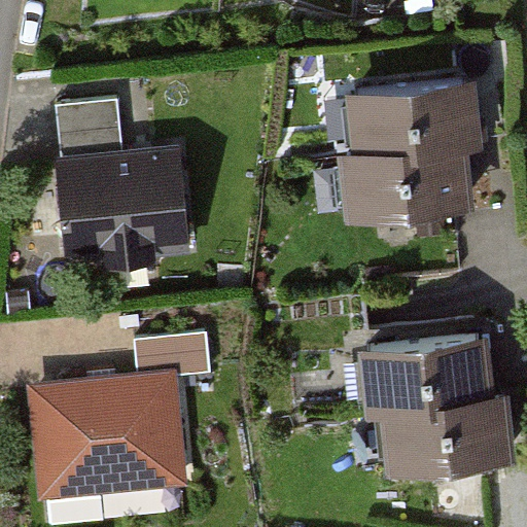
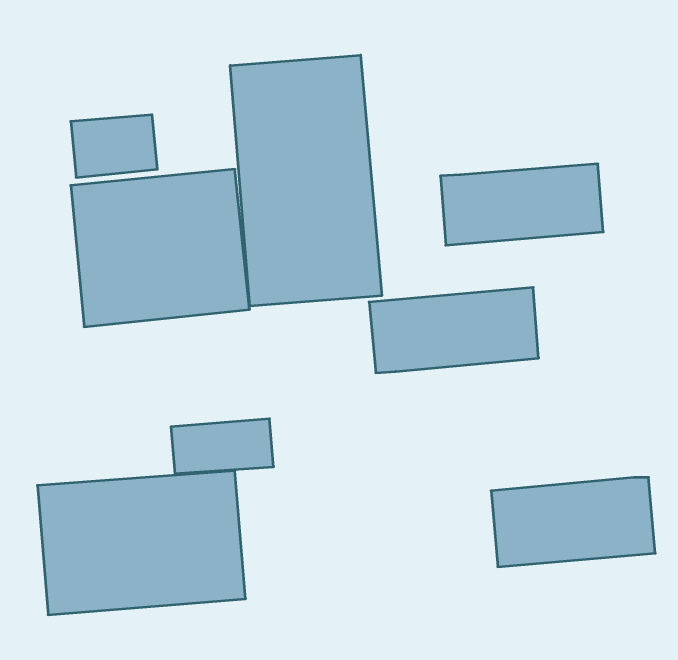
building: none -> [230,55,382,306]
building: [350,75,482,151] -> none
building: [358,330,489,396] -> [369,287,539,373]

